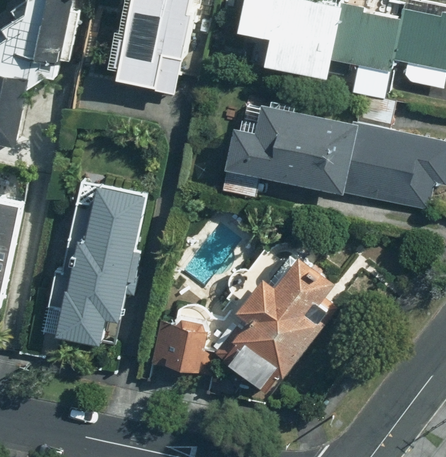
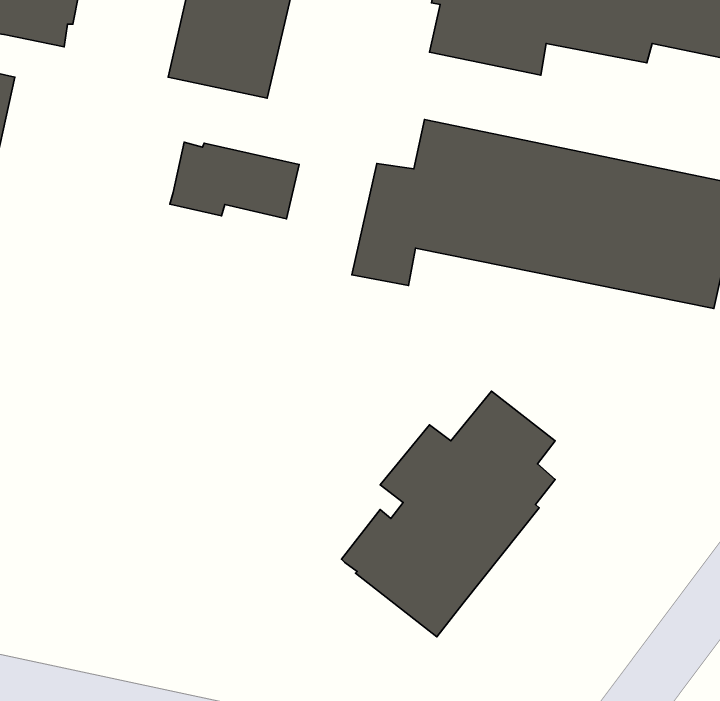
building: none -> [170,142,299,219]
building: [54,185,143,345] -> none
building: [148,318,215,377] -> none

